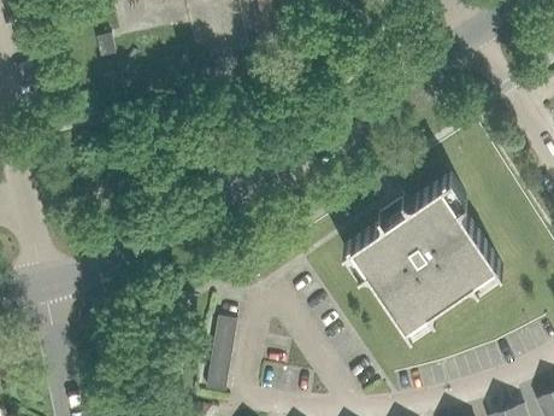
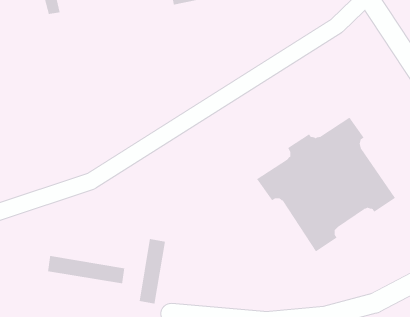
building: none -> [47,255,125,284]

